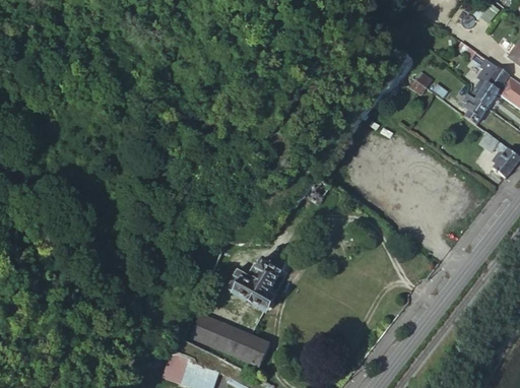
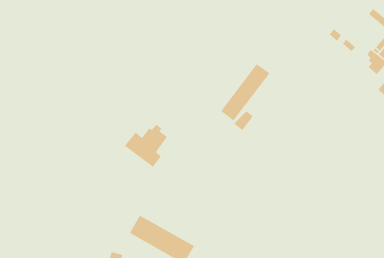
building: none -> [220,63,270,121]
building: [224,257,277,311] -> [124,123,168,168]

